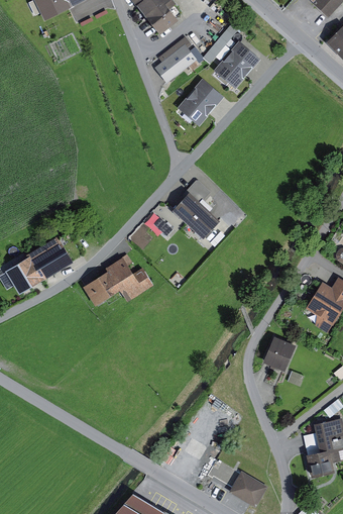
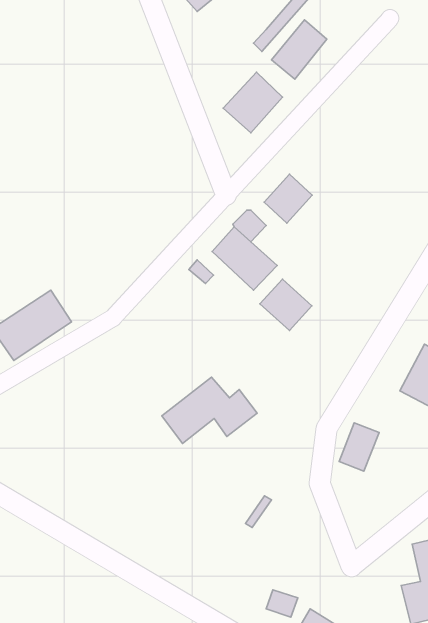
building: [157,43,196,81] -> none
building: none -> [264,174,312,223]
building: none -> [260,279,312,330]
building: [82,259,151,307] -> [162,377,257,443]

